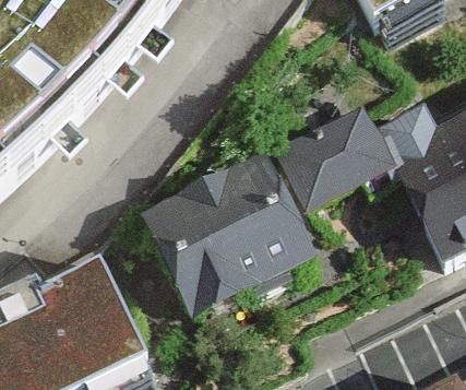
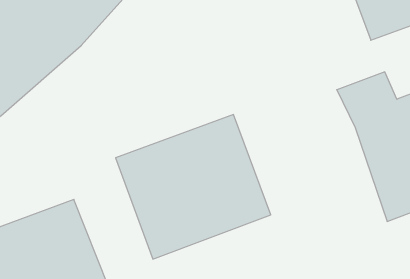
building: [267,98,394,203] -> none

